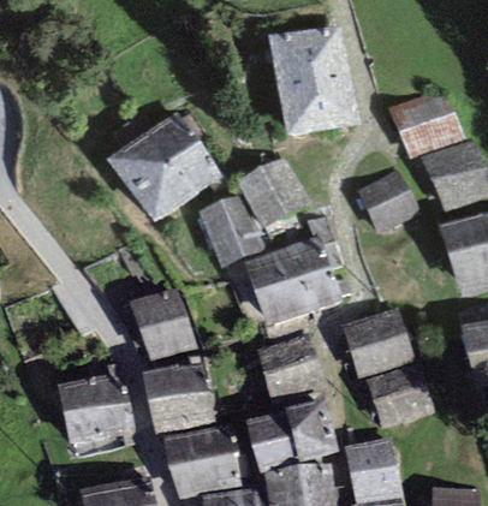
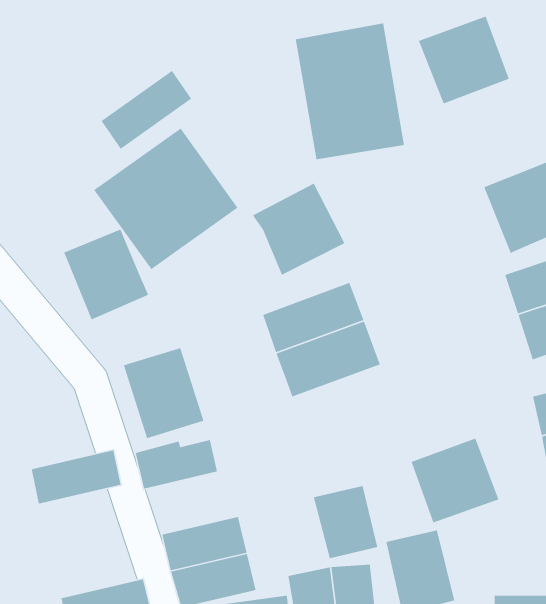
building: none -> [100,70,192,150]
building: [388,87,463,159] -> [418,15,510,104]
building: [358,171,417,230] -> none
building: [197,192,267,267] -> [63,228,149,320]
building: [341,306,415,377] -> none
building: [255,331,326,404] -> none
building: [148,388,216,434] -> none
building: [63,399,137,445] -> none
building: [246,409,299,472] -> none

